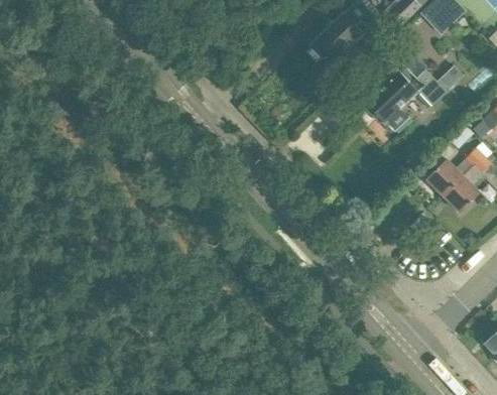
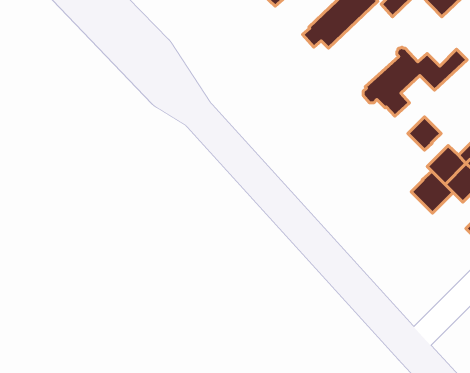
building: none -> [408,117,441,150]
building: none -> [411,171,453,213]

